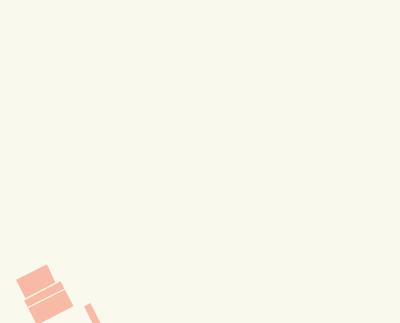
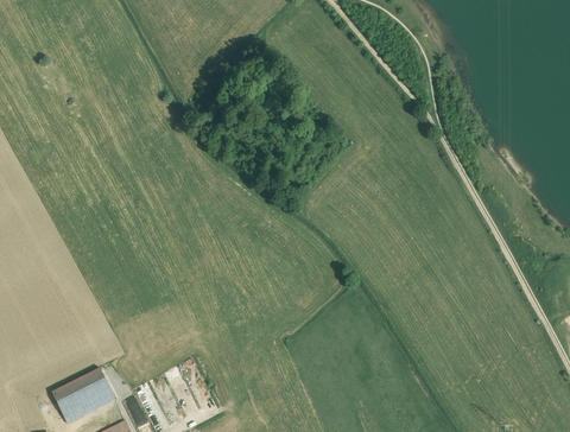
building: [15,264,56,299] -> none

